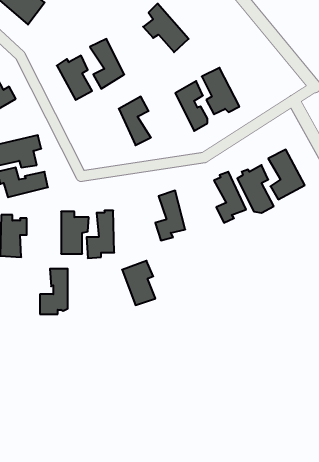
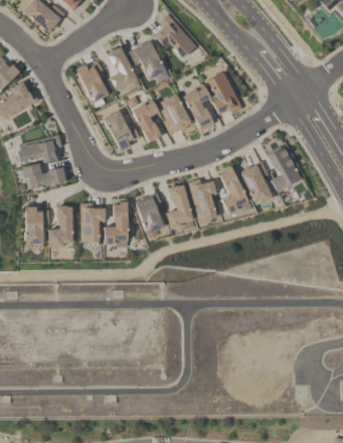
building: none -> [129,40,167,79]
building: none -> [160,94,191,135]
building: none -> [104,110,141,151]
building: none -> [188,179,216,219]
building: [122,261,155,305] -> [135,193,165,234]
building: [40,269,68,314] -> [48,206,73,248]

